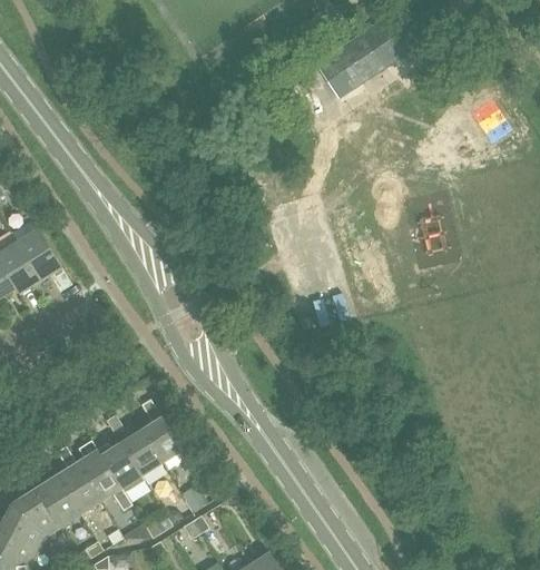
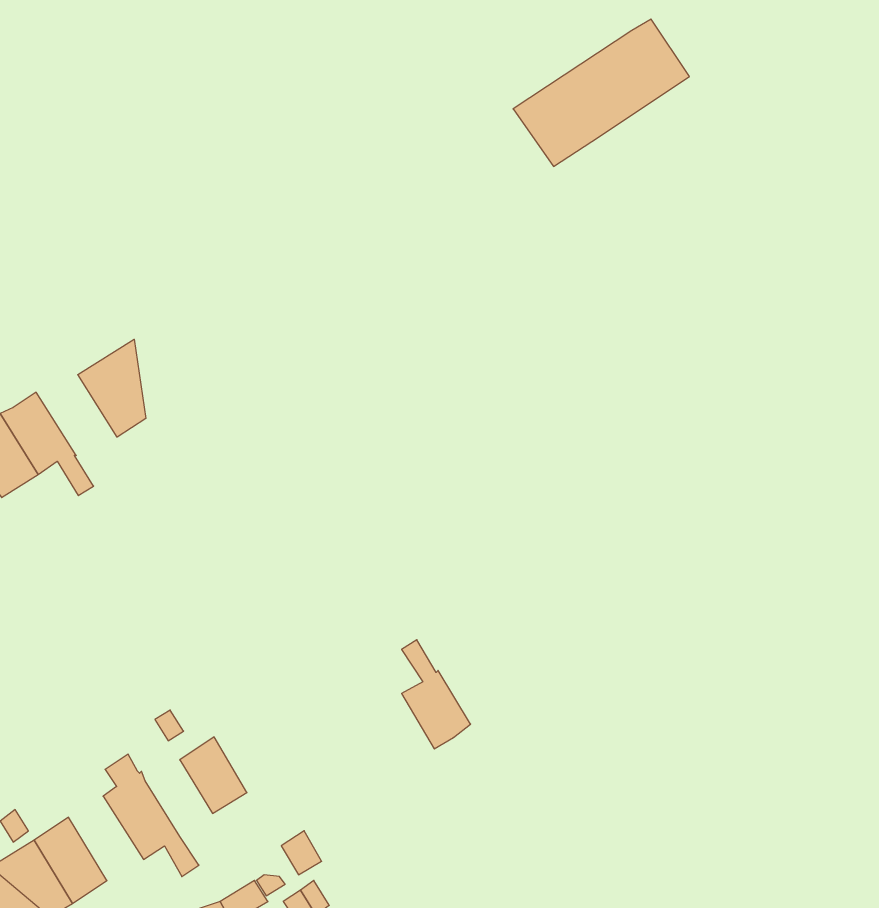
building: none -> [78,339,146,437]
building: [140,400,180,463] -> [402,640,471,749]
building: [96,444,143,489] -> none
building: [56,448,99,514] -> none

